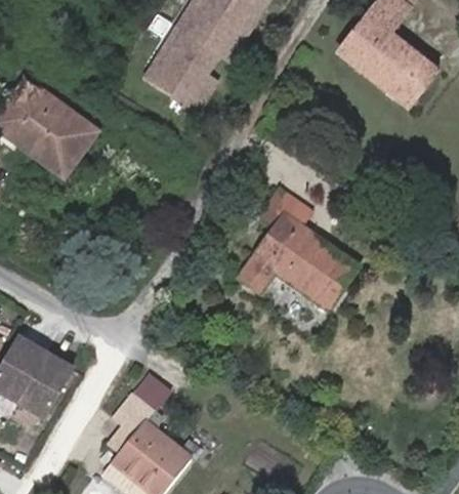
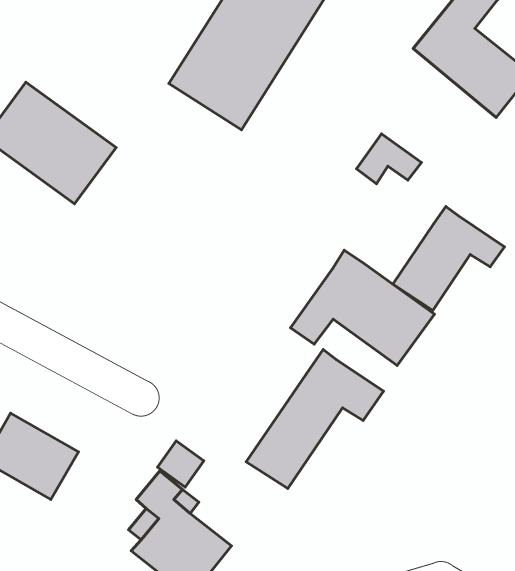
building: none -> [393,206,504,310]
building: [258,188,311,229] -> [356,134,422,184]
building: none -> [246,349,384,488]

